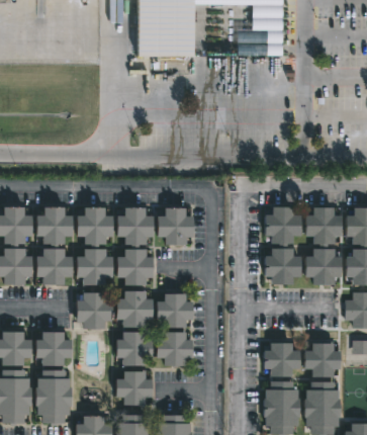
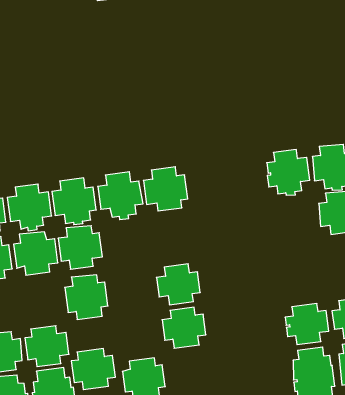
building: [265,248,300,284] -> none
building: [116,249,154,284] -> none
building: [116,290,153,327] -> none
building: [116,332,153,365] -> [71,349,115,390]

